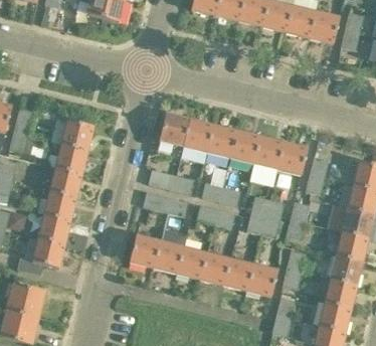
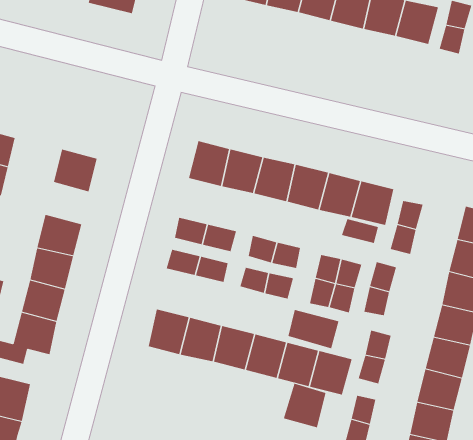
building: [55,143,87,173] -> none
building: none -> [288,309,339,349]
building: none -> [283,383,326,428]

